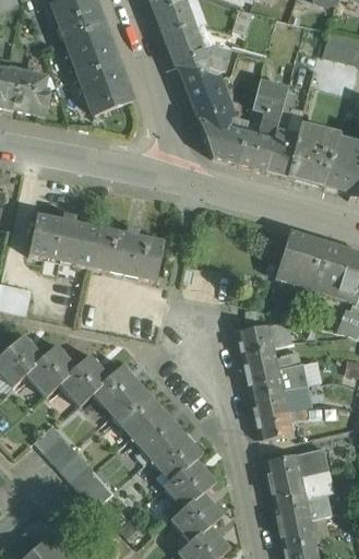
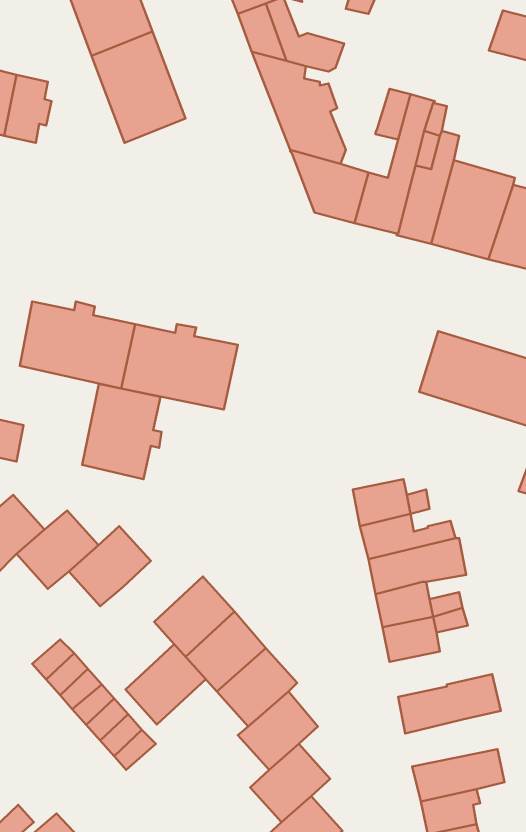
building: none -> [82,384,161,479]
building: [92,365,142,415] -> [126,644,206,724]
building: [268,471,333,506] -> none

